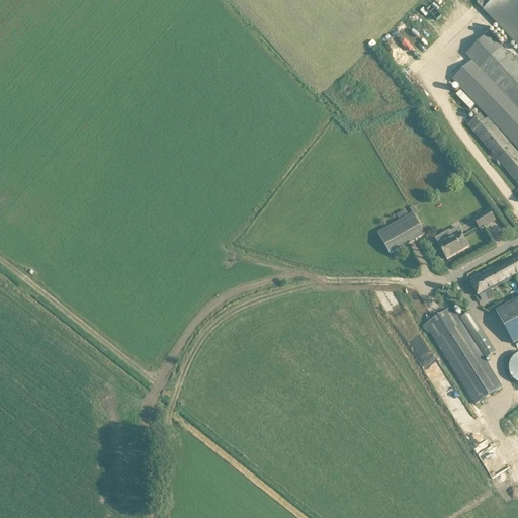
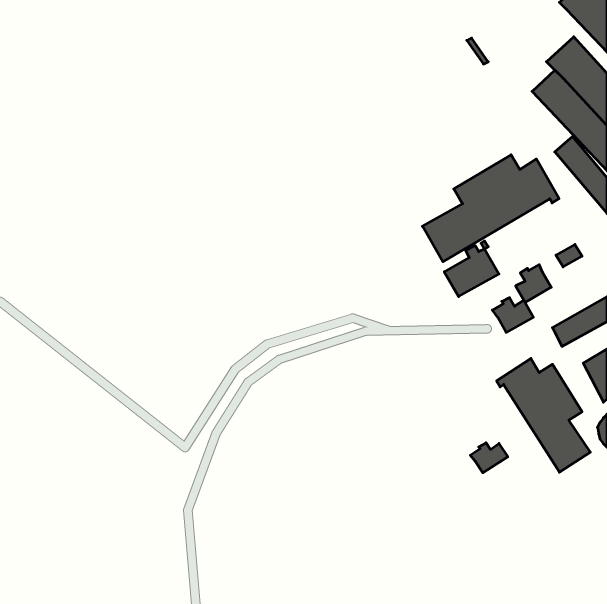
building: none -> [422,155,559,262]
building: none -> [492,298,533,332]
building: none -> [470,443,508,473]

